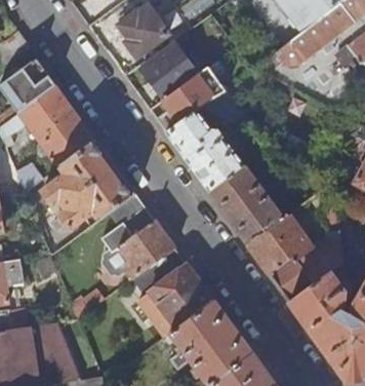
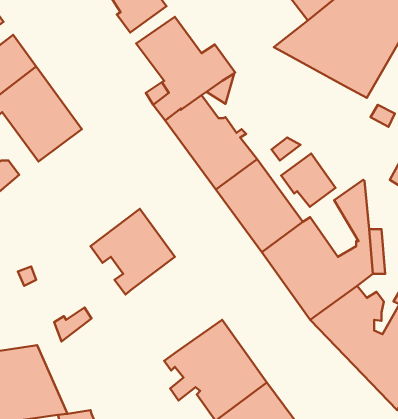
building: [42,139,134,229] -> none
building: none -> [281,153,336,207]
building: [136,247,213,327] -> none

